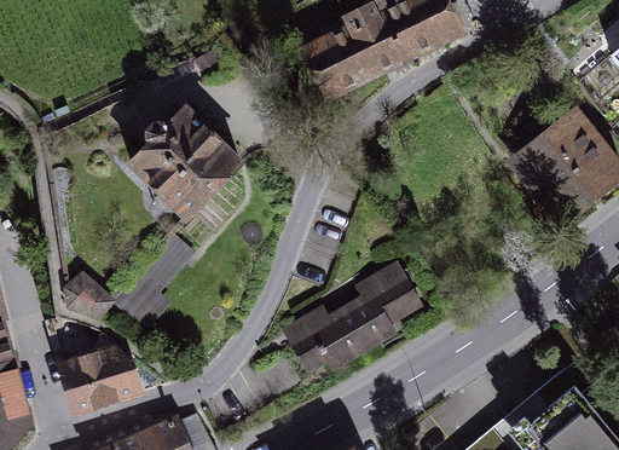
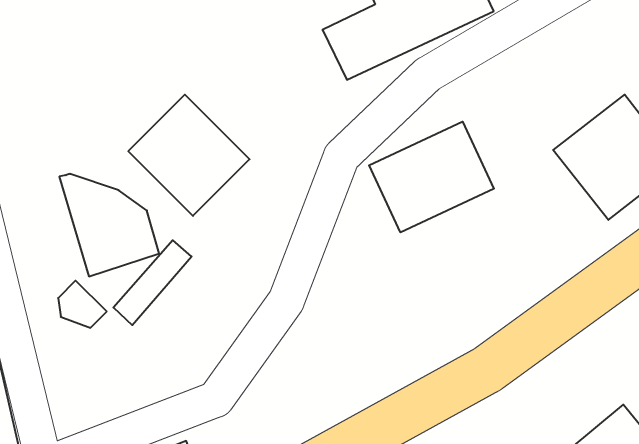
building: none -> [369,122,494,232]
building: [289,270,417,369] -> none
building: [47,321,137,412] -> [59,174,159,276]

